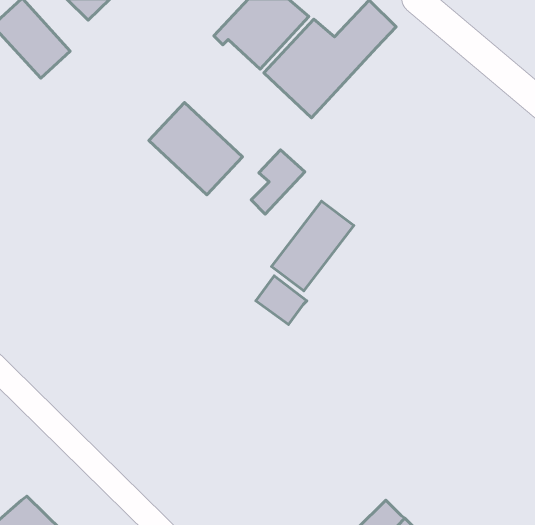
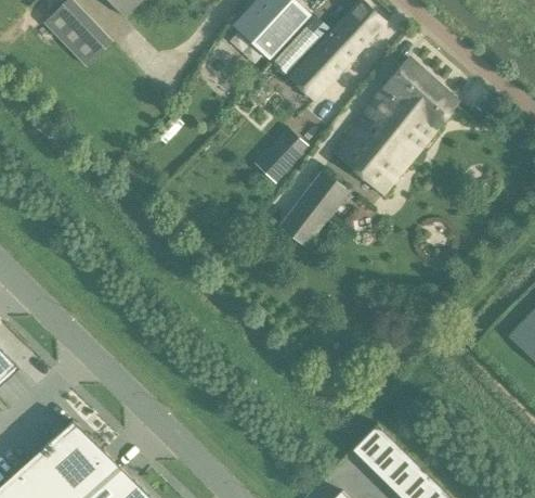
building: none -> [335,58,458,194]
building: [149,103,243,195] -> none
building: [256,276,307,325] -> none

